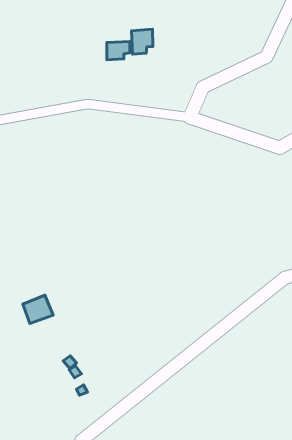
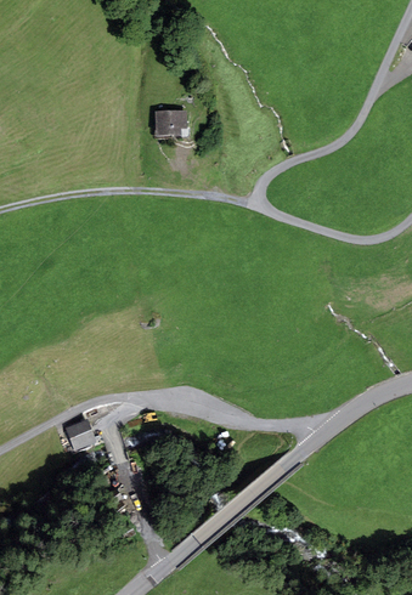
building: [132,29,153,54] -> none

